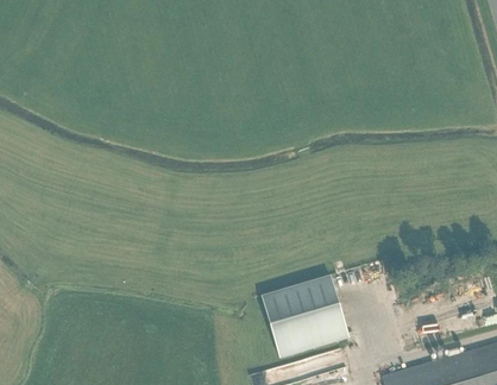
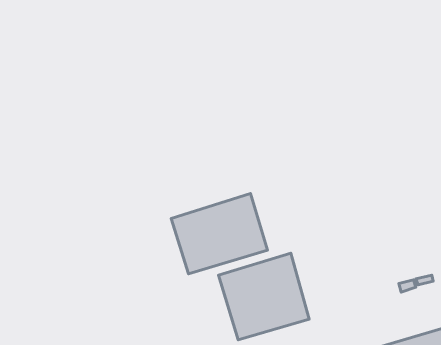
building: none -> [171,193,267,274]

